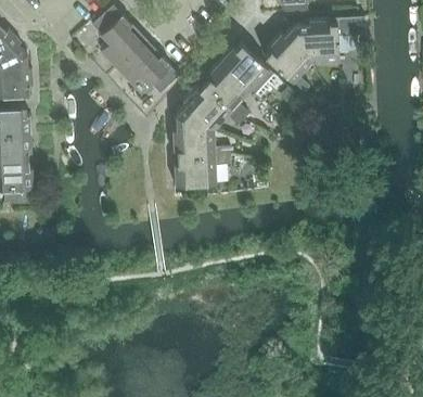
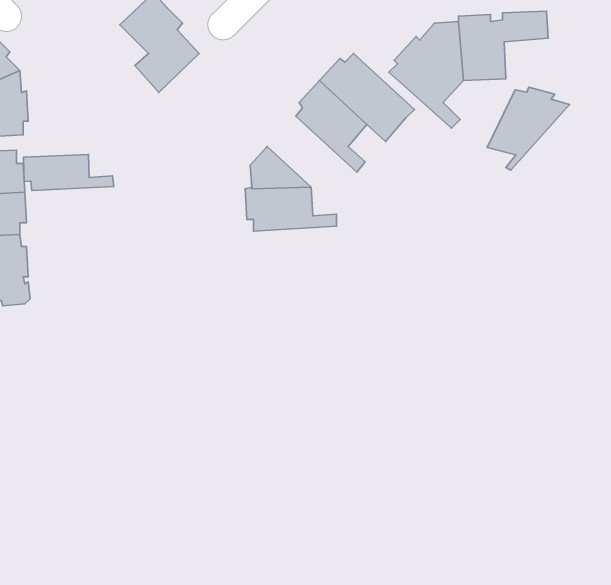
building: [116,42,179,91] -> none
building: none -> [487,87,570,170]
building: [182,82,243,128] -> none
building: none -> [23,155,114,191]
building: [174,153,231,183] -> none

